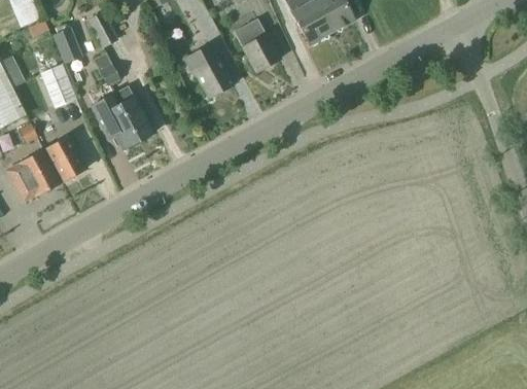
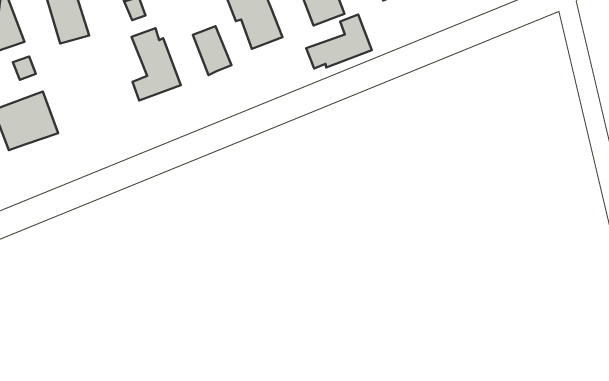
building: none -> [306,14,372,69]
building: [92,98,126,138] -> [193,26,231,75]
building: [43,137,85,182] -> none

